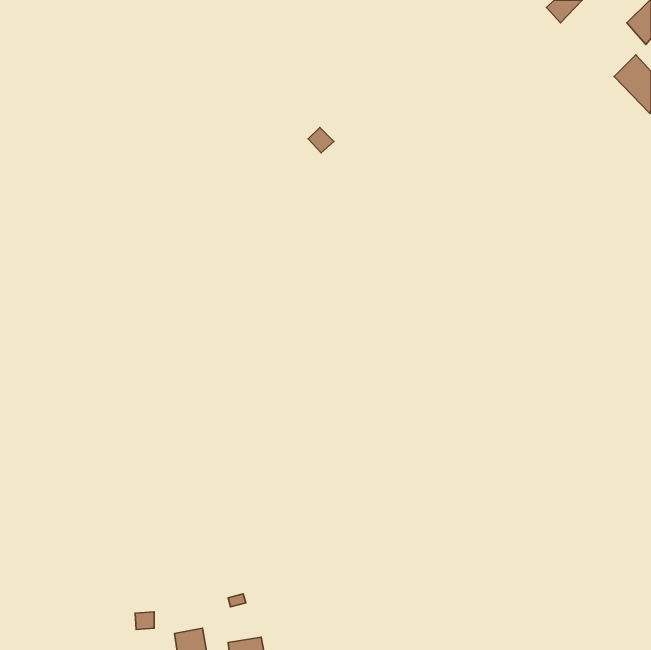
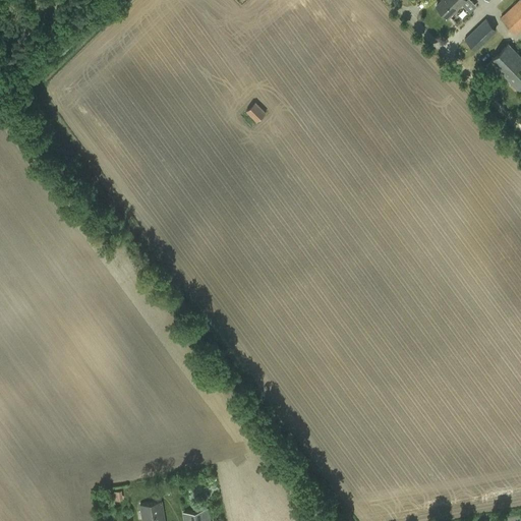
building: none -> [464,20,497,52]

